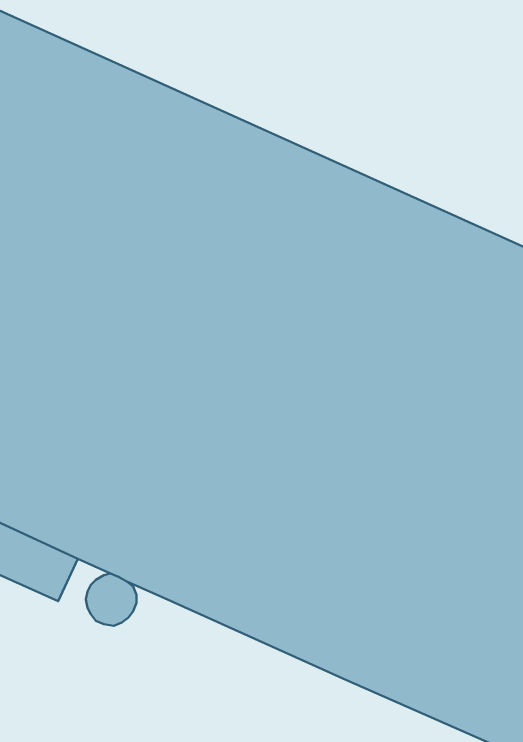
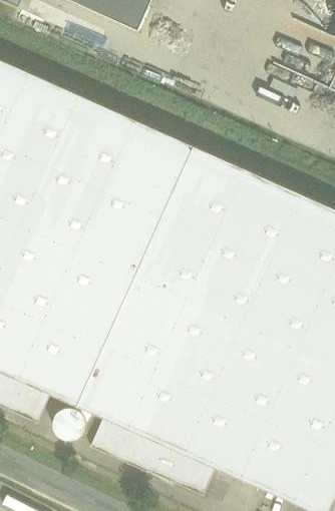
building: none -> [93,421,215,497]

